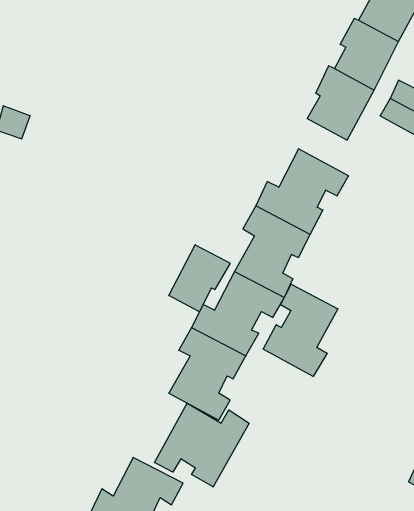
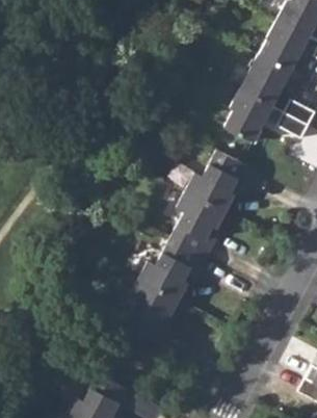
building: [169,245,230,312] -> none
building: [263,284,338,376] -> none
building: [155,403,249,487] -> none

